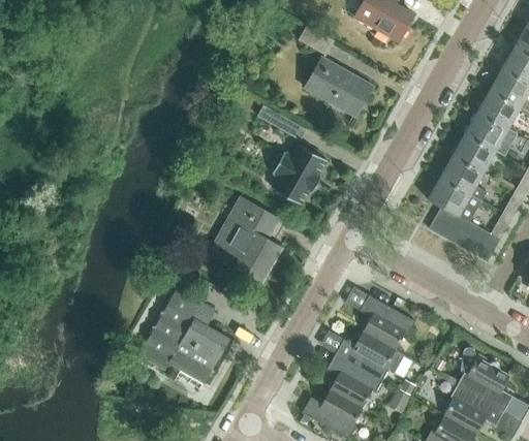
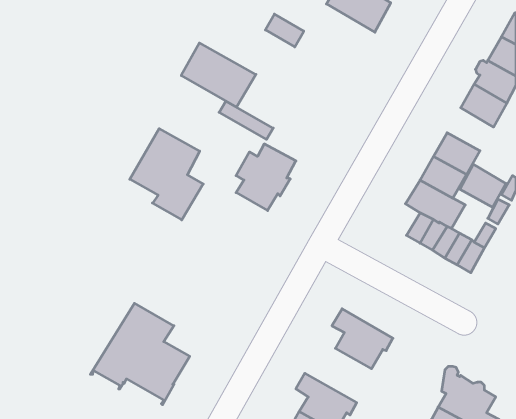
building: [305,58,373,117] -> [181,43,256,107]
building: [465,112,507,151] -> [460,164,506,207]
building: [214,199,281,283] -> [130,129,203,220]
building: [335,332,404,381] -> none

